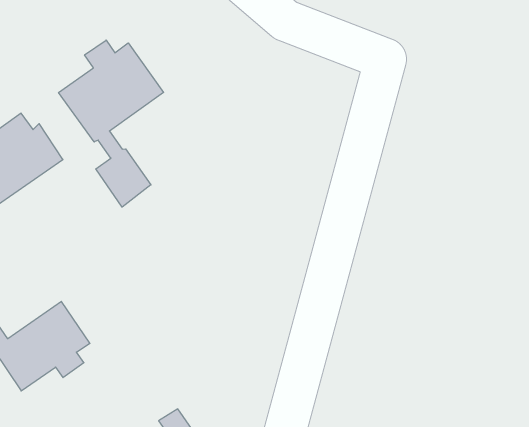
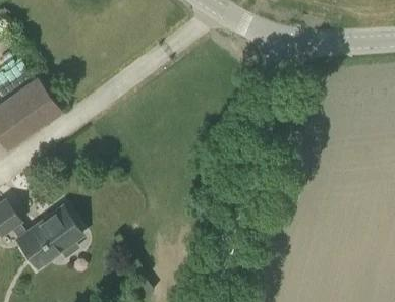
building: [59,40,164,207] -> none

